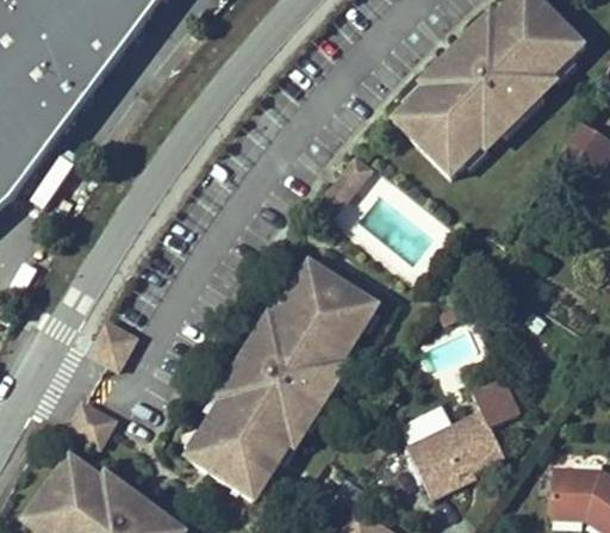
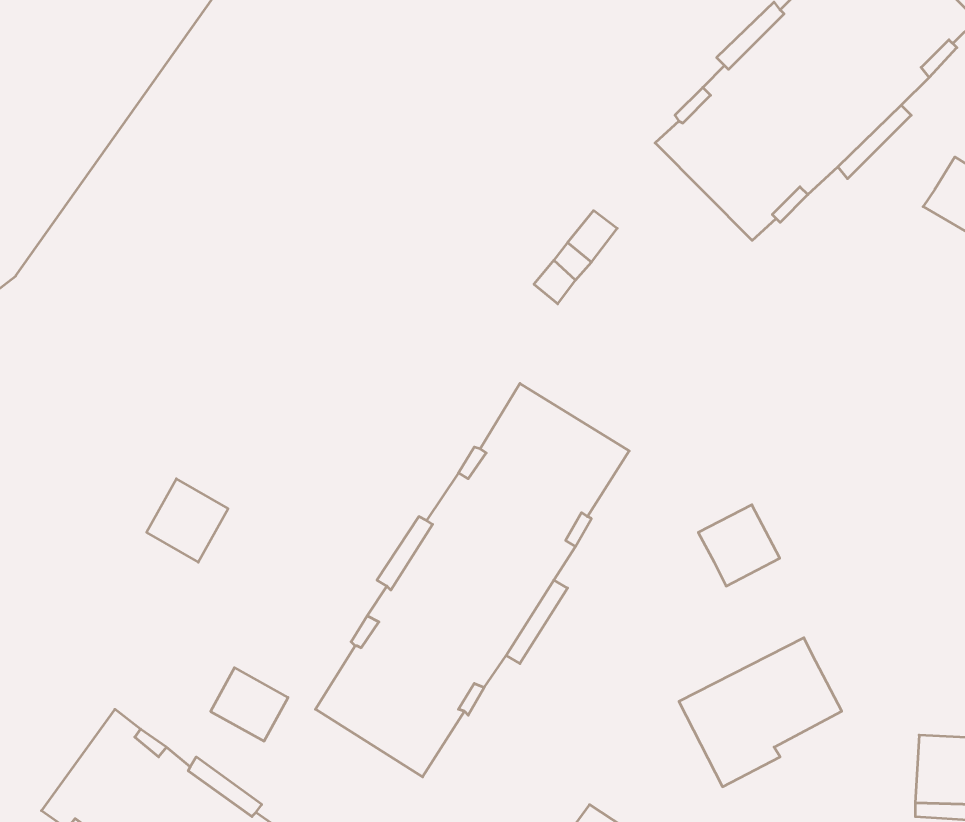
building: [473,378,522,427] -> [698,505,780,586]
building: [69,401,116,445] -> [211,668,288,741]

